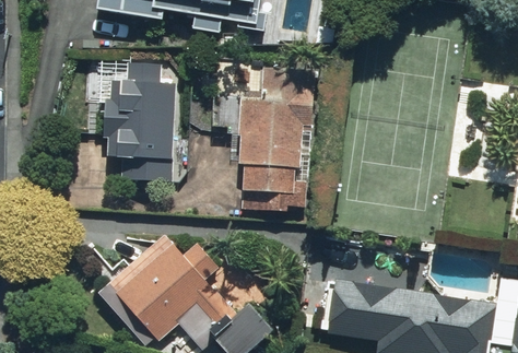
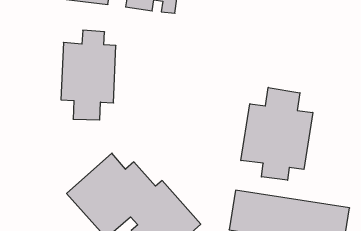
building: [238,66,308,217] -> none
building: none -> [241,87,313,180]

